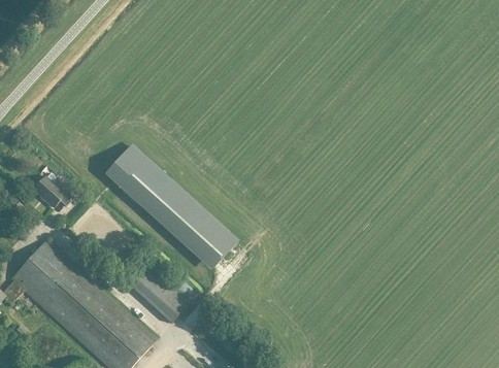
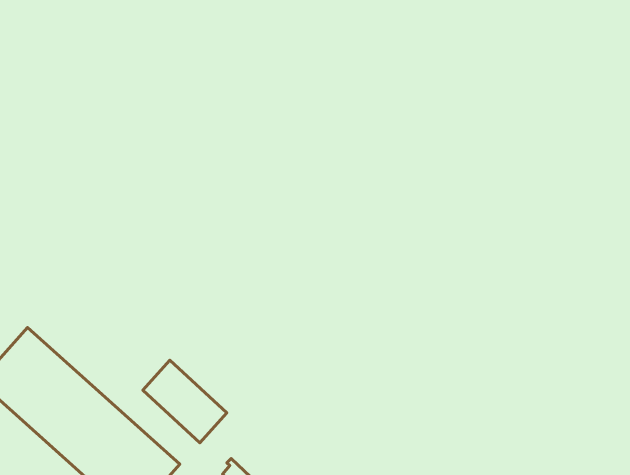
building: [104,146,235,261] -> none
building: [32,177,73,207] -> none

